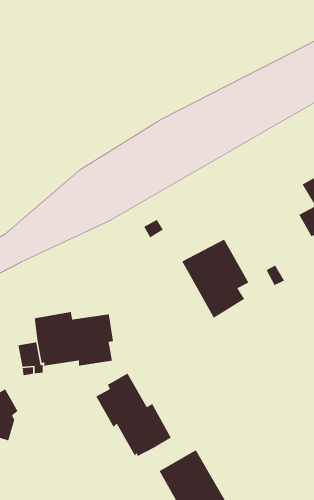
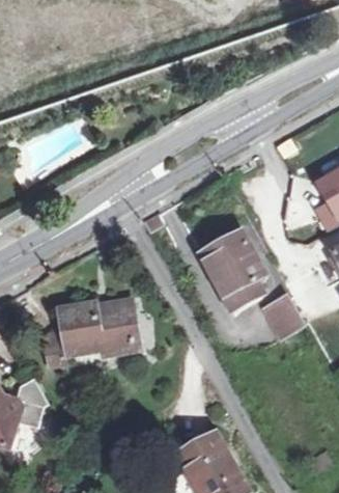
building: none -> [263,295,303,337]
building: [95,373,172,457] -> none

